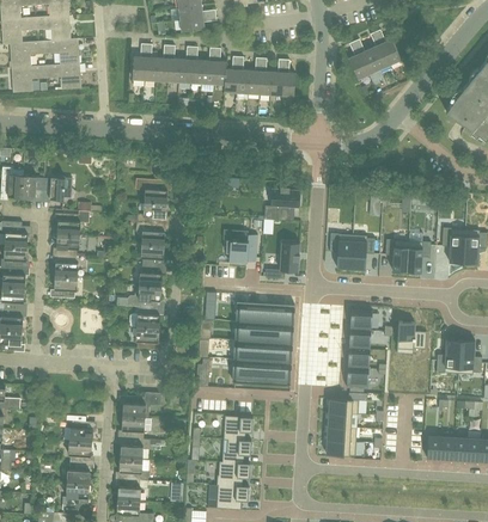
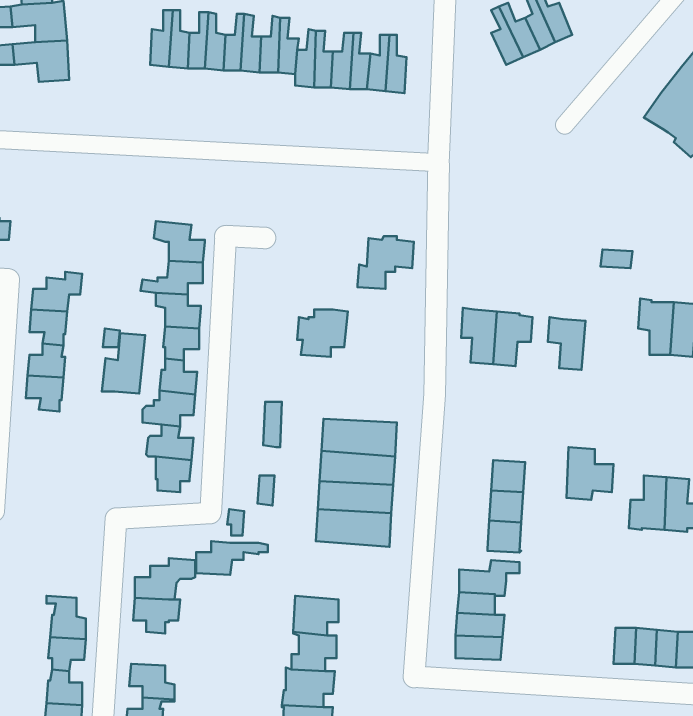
building: [42,173,72,201] -> none
building: [405,241,429,272] -> none
building: [264,242,299,280] -> none
building: none -> [102,333,145,394]
building: [349,309,378,331] -> none
building: [120,438,165,460] -> [196,541,268,575]

